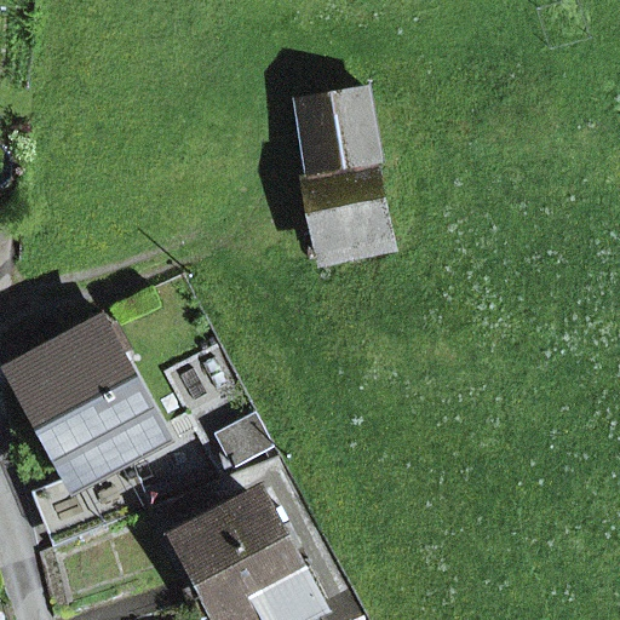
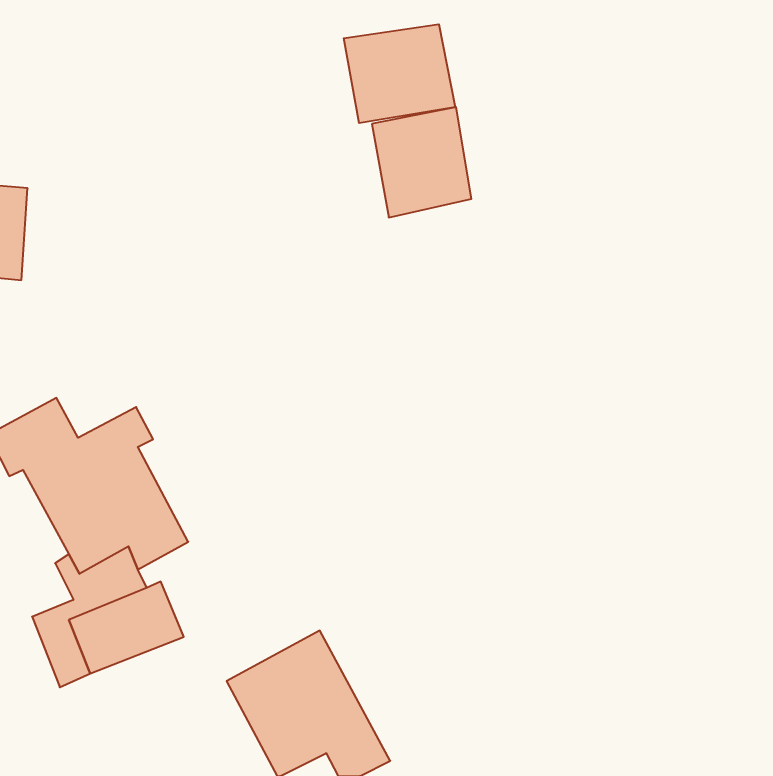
building: none -> [344,24,455,123]
building: [308,157,390,251] -> none

